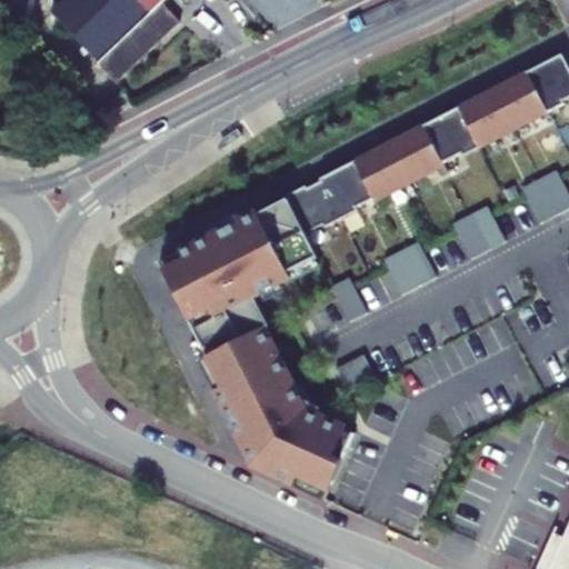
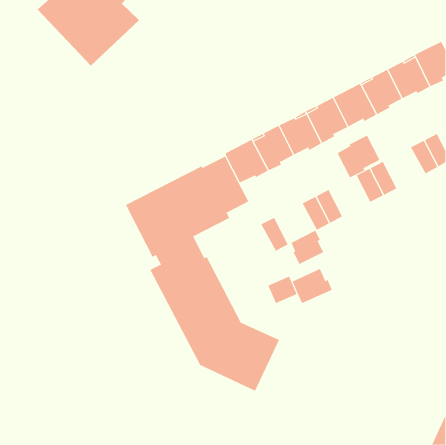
building: none -> [337,135,380,178]
building: none -> [291,230,324,265]
building: none -> [292,268,333,304]

